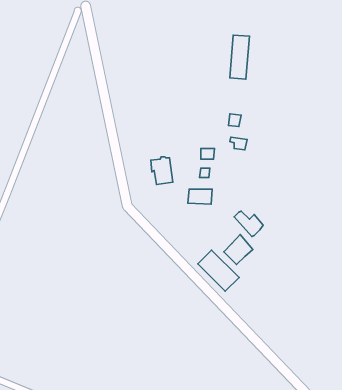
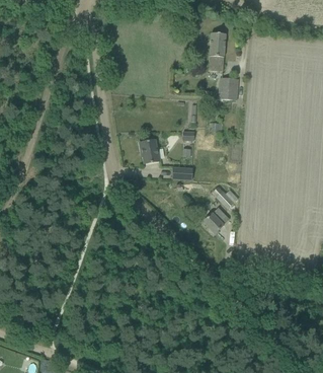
building: none -> [218,77,237,100]
building: [198,250,239,291] -> none

